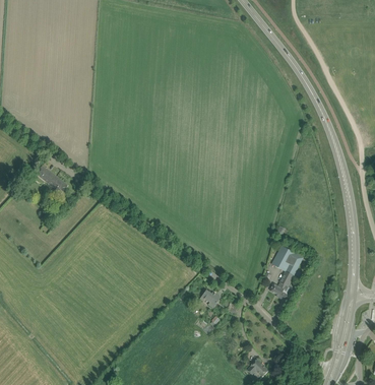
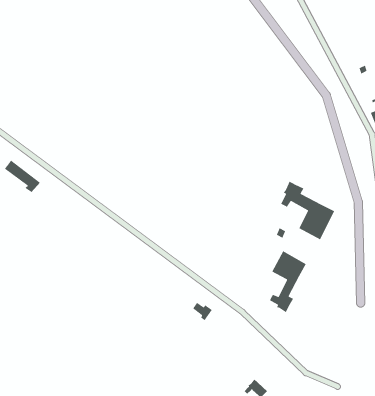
building: none -> [280,180,335,240]

